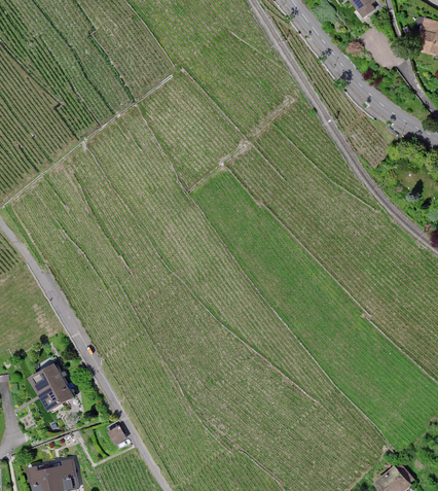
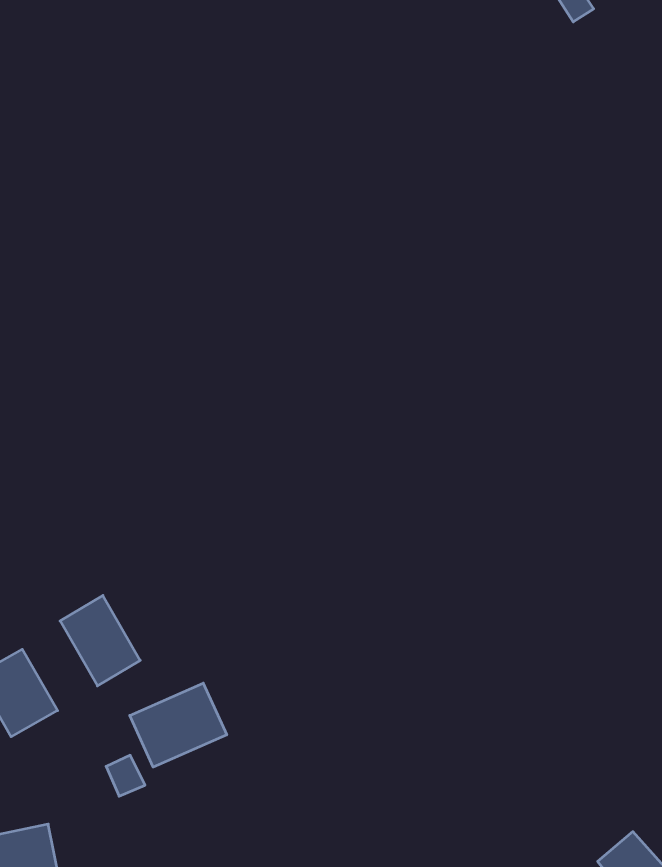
building: none -> [60,595,140,686]
building: none -> [130,683,227,767]

